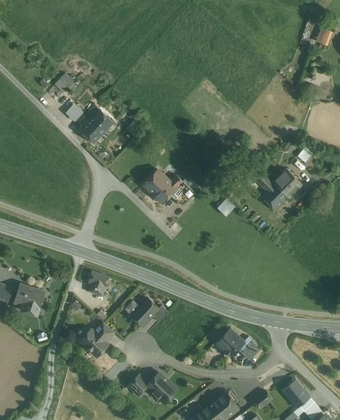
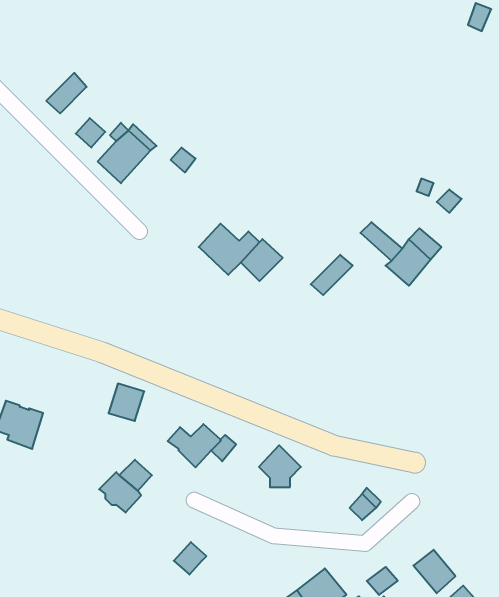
building: [216,328,243,355] -> [259,445,301,487]
building: [145,372,176,400] -> none

